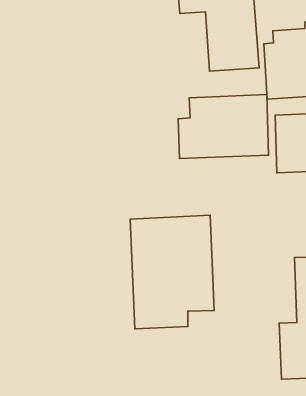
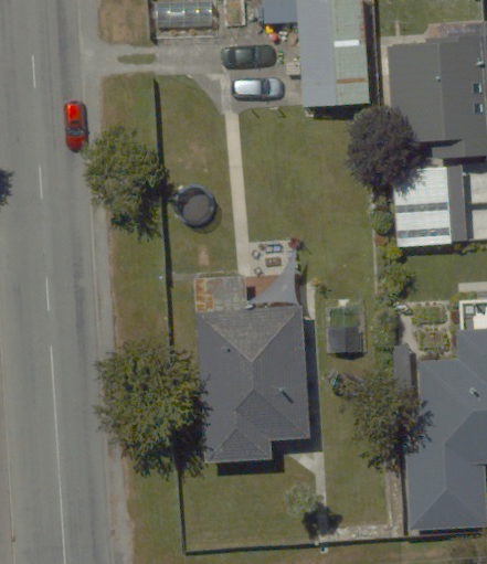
building: [178,95,269,159] -> none

